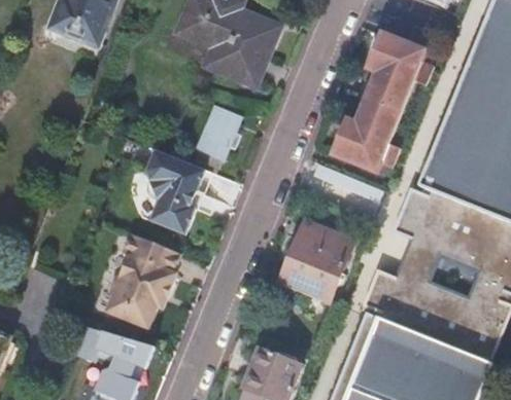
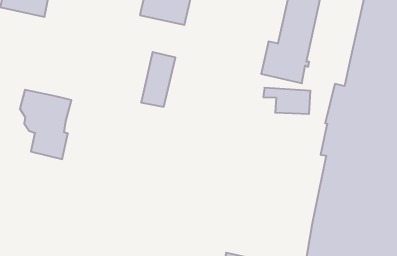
building: [145,149,205,234] -> [20,90,71,159]
building: [279,220,352,301] -> none
building: [105,232,180,328] -> none

